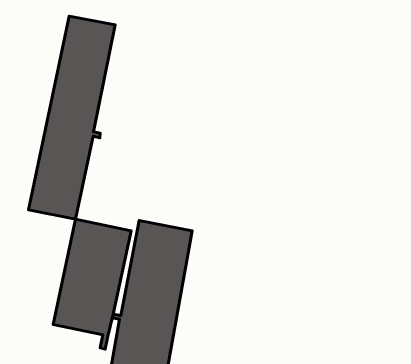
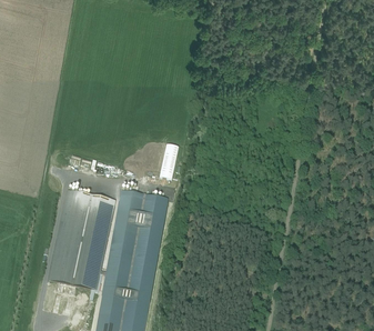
building: [28,16,115,219] -> none

